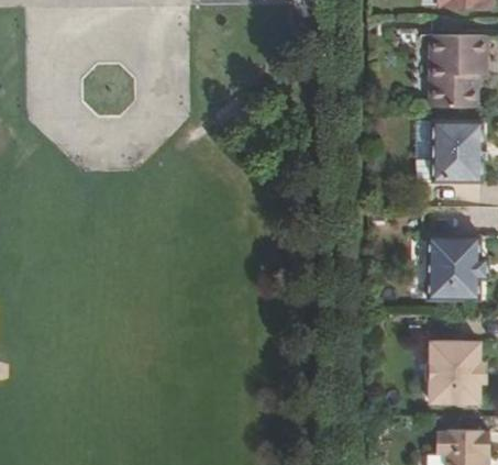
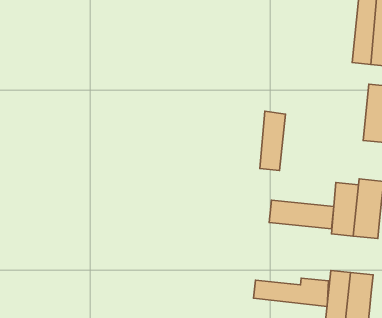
building: [429,129,452,192] -> [260,111,285,171]
building: none -> [269,200,334,229]
building: none -> [254,278,329,306]

